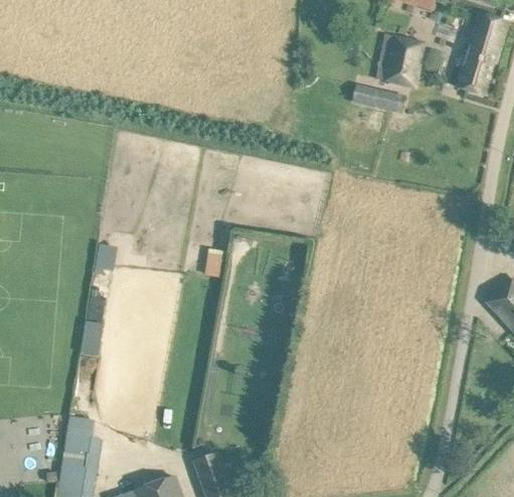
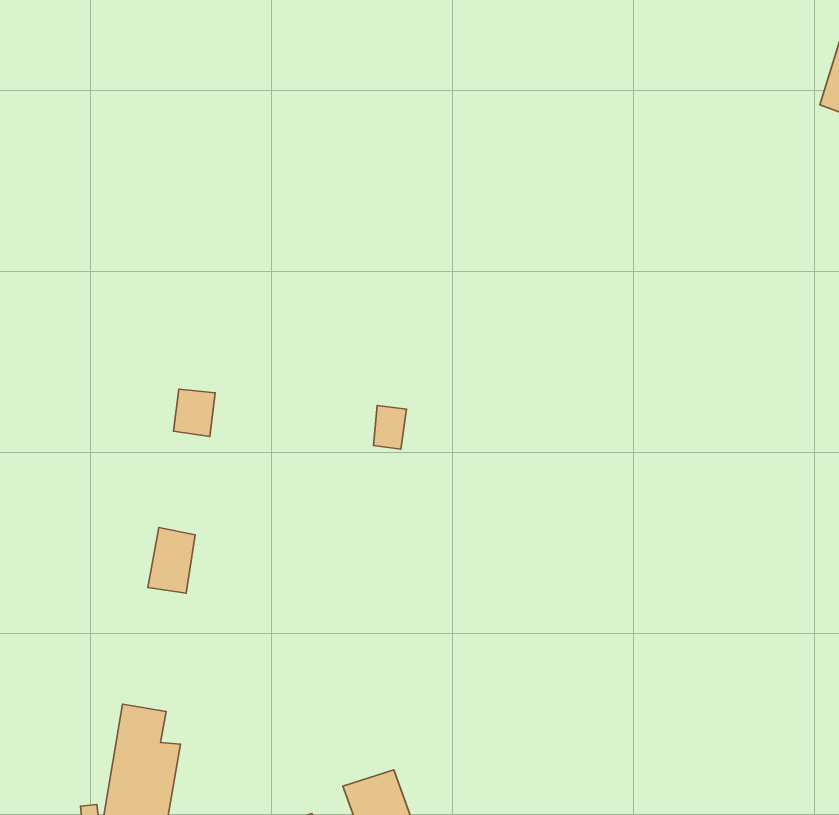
building: [381,36,423,85] -> none
building: [350,84,403,109] -> none

